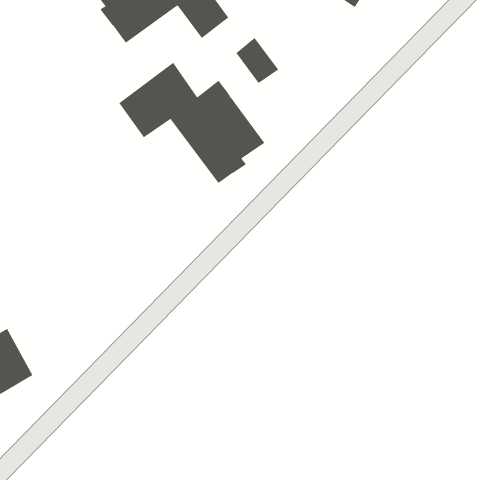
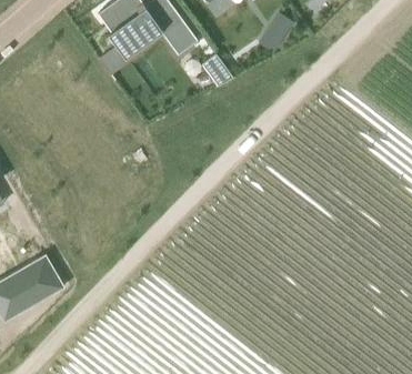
building: [118,62,265,184] -> none

